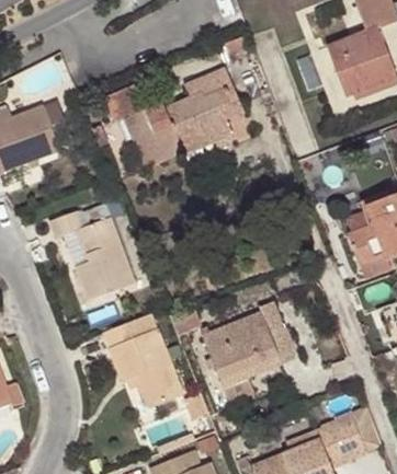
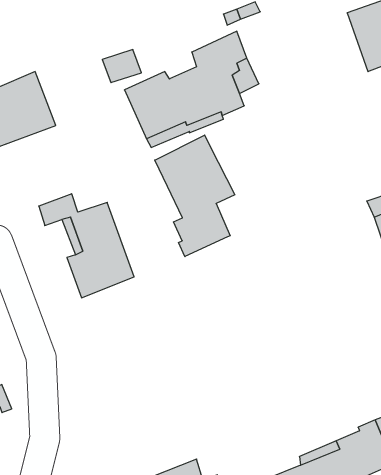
building: none -> [155,135,235,257]
building: [203,299,285,384] -> none
building: [102,313,184,409] -> none

